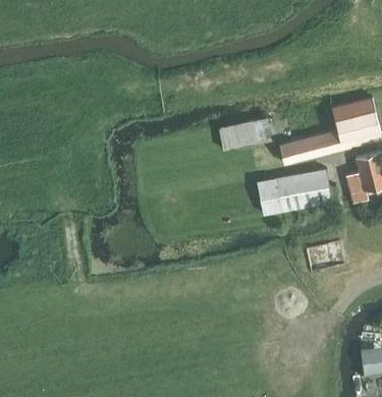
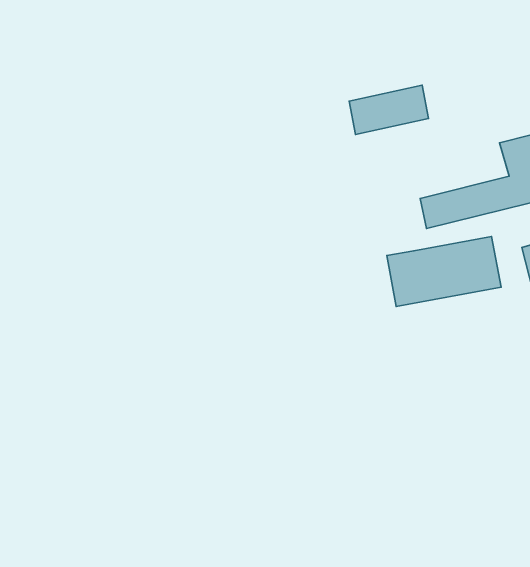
building: [220,118,271,150] -> [349,85,428,134]

